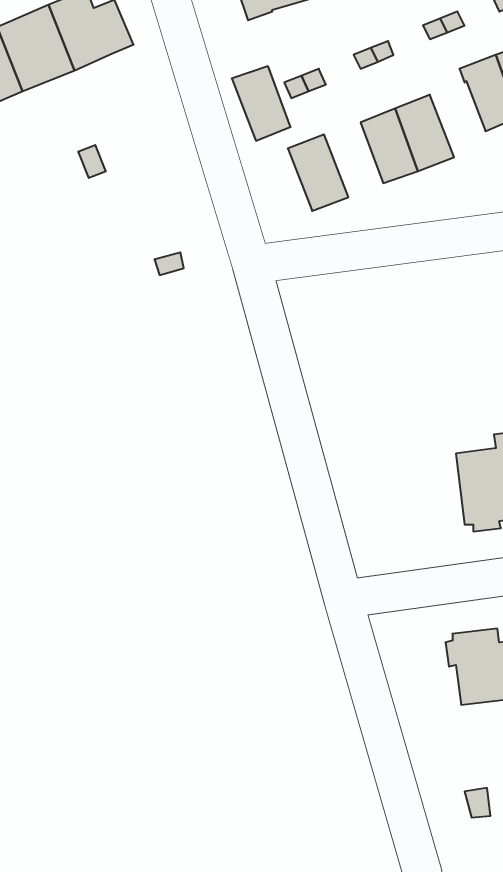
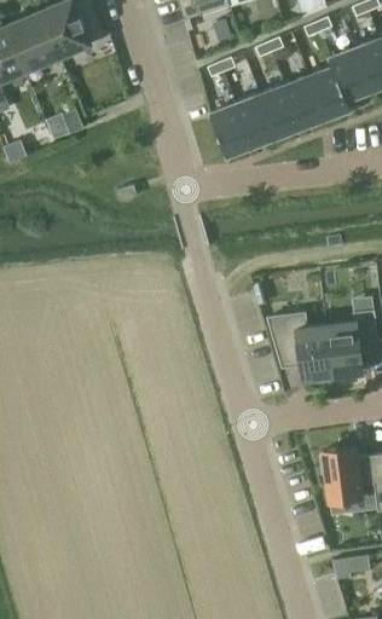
building: [232,66,291,141] -> [236,94,277,146]
building: none -> [309,65,352,118]
building: none -> [268,313,334,380]

